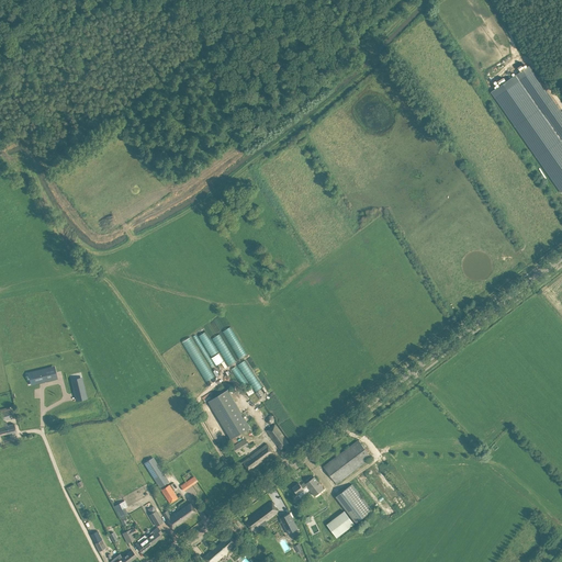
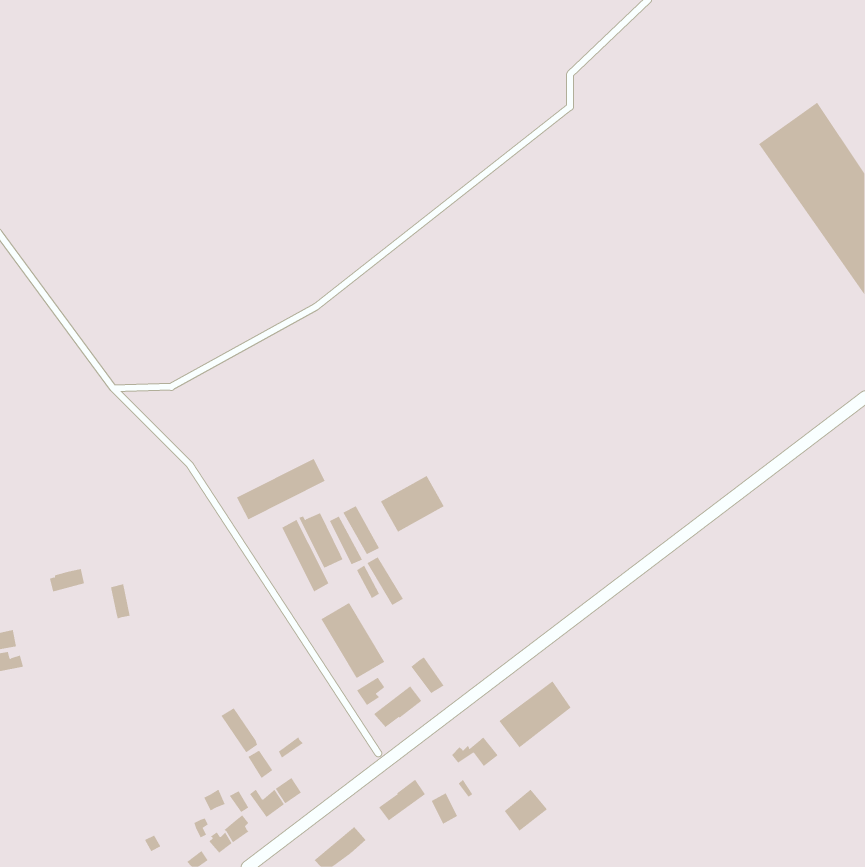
building: none -> [236,458,326,520]
building: none -> [380,475,444,533]
building: [335,484,371,522] -> none

